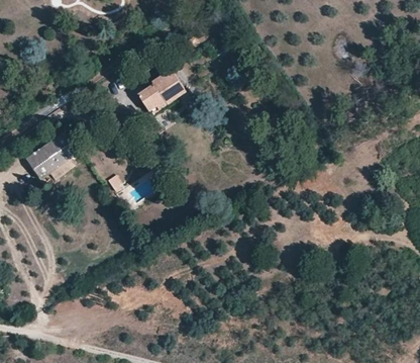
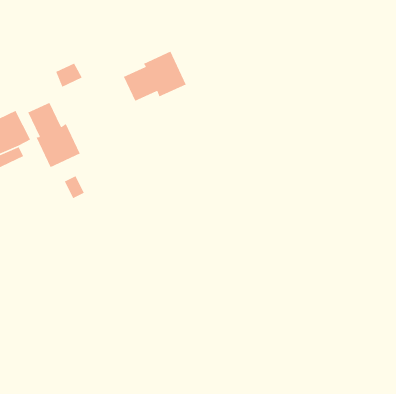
building: none -> [27,102,81,168]

